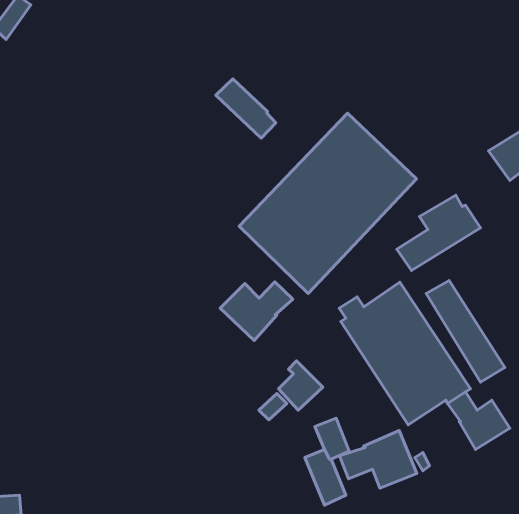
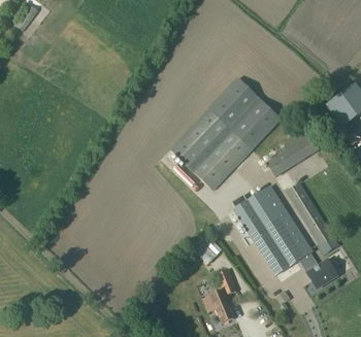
building: [216,79,276,138] -> none
building: [220,282,293,340] -> none
building: [340,431,417,488] -> none

